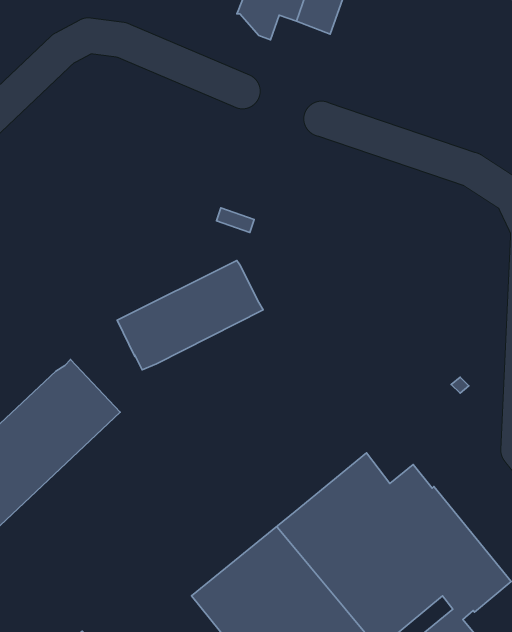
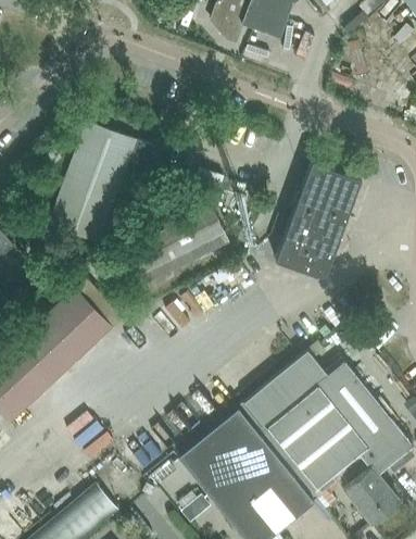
building: none -> [48,123,151,245]
building: none -> [274,161,360,275]

